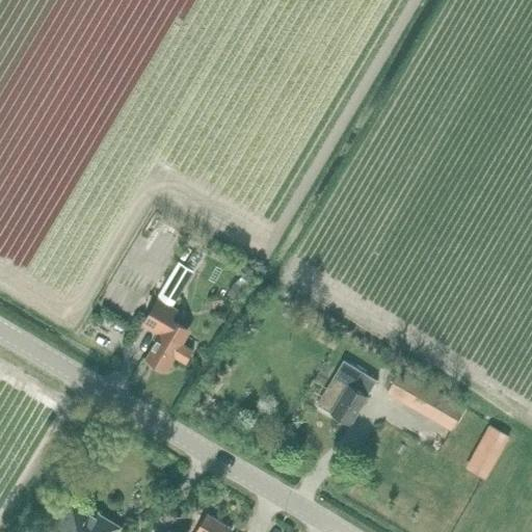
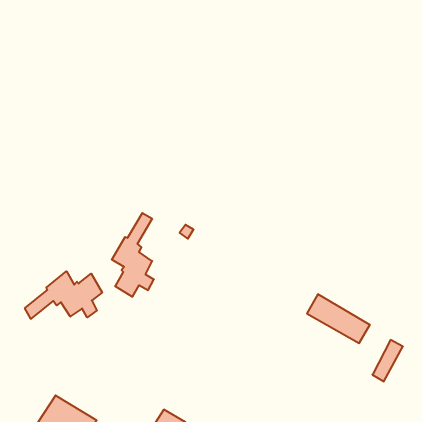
building: none -> [25,271,102,319]
building: [317,362,376,427] -> none

